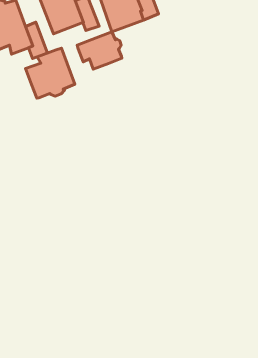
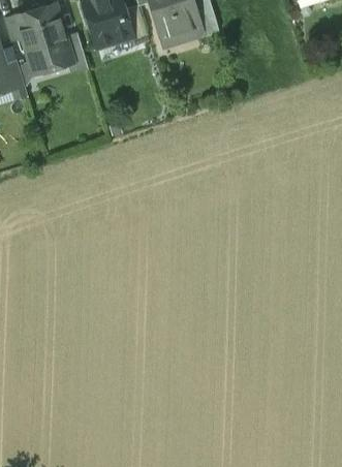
building: [77,32,122,69] -> none
building: [25,48,75,98] -> none

